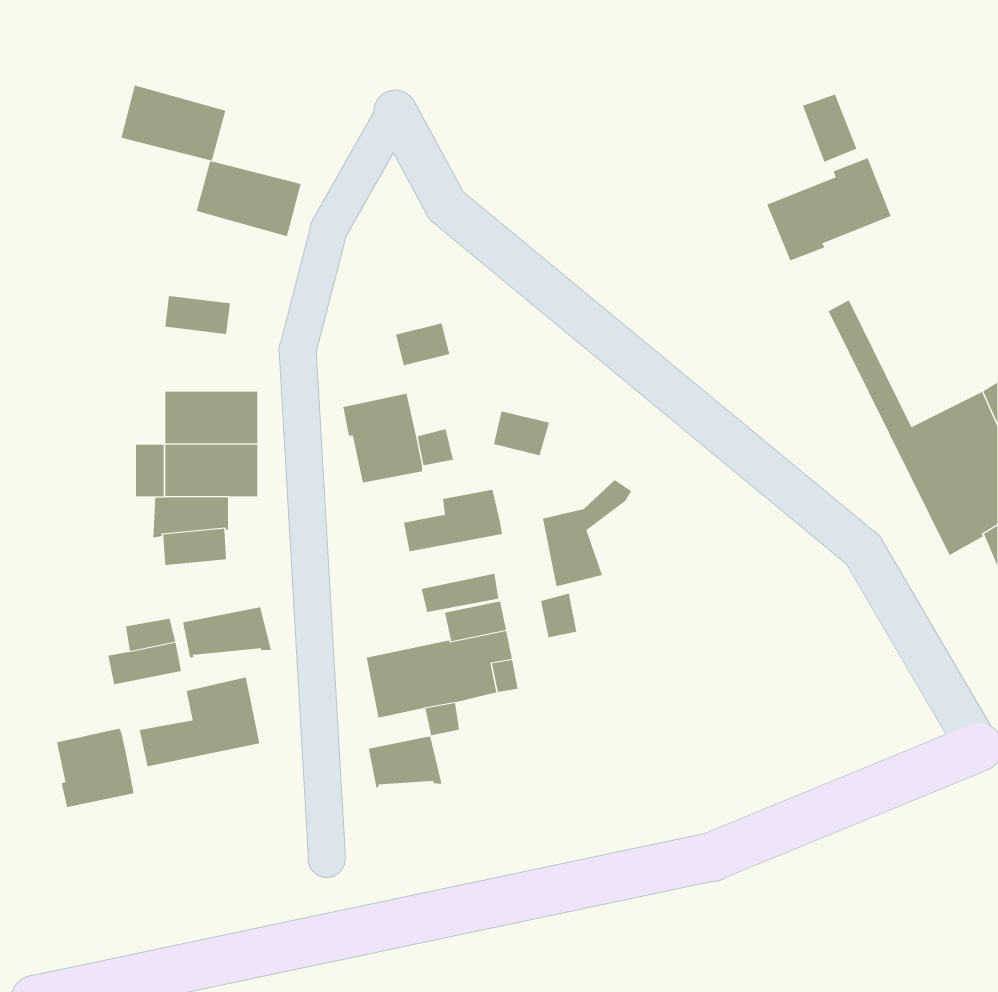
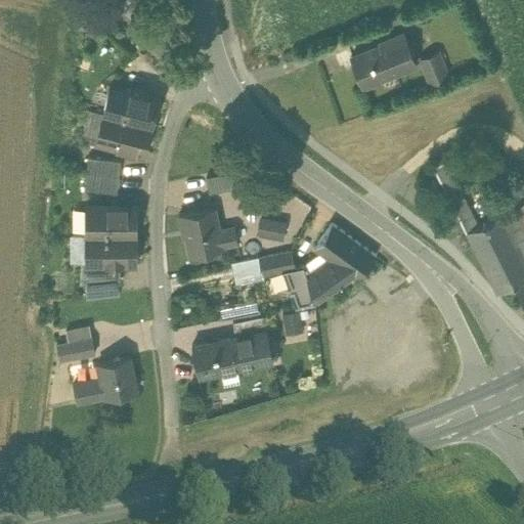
building: [120,85,226,161] -> [95,115,150,155]
building: [766,158,892,261] -> [350,35,416,89]
building: none -> [84,175,119,195]
building: none -> [307,225,375,305]
building: none -> [258,253,295,277]
building: [183,606,271,658] -> none
building: [57,728,134,808] -> none
building: [368,736,442,788] -> none

